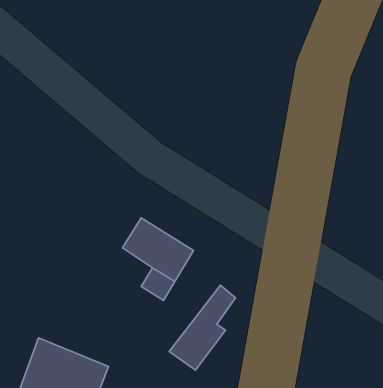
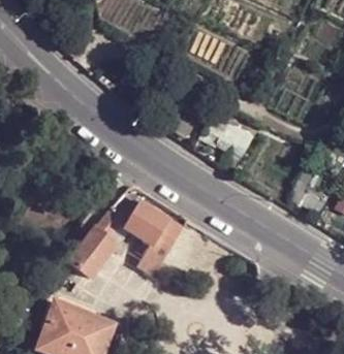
building: [169,285,236,370] -> [68,203,123,273]

